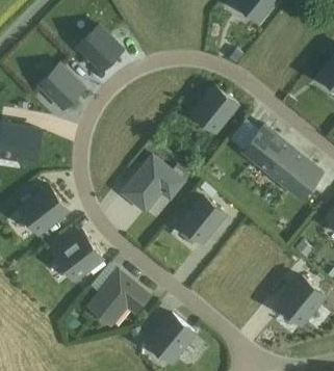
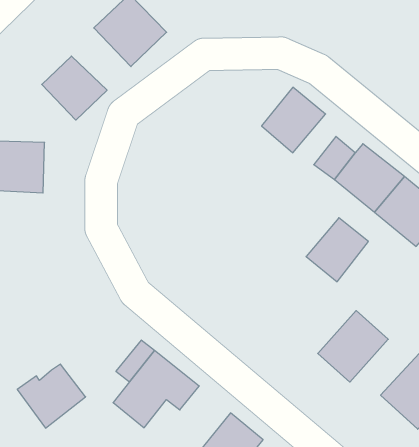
building: [122,157,182,211] -> none
building: [19,187,66,234] -> none
building: [179,198,223,243] -> [306,218,368,282]
building: [52,236,100,281] -> [17,364,86,428]
building: none -> [318,311,388,382]

